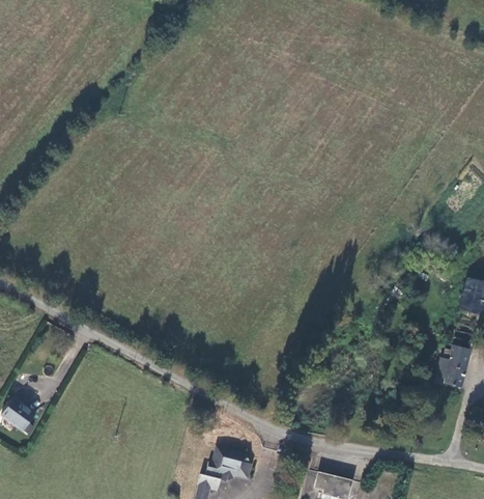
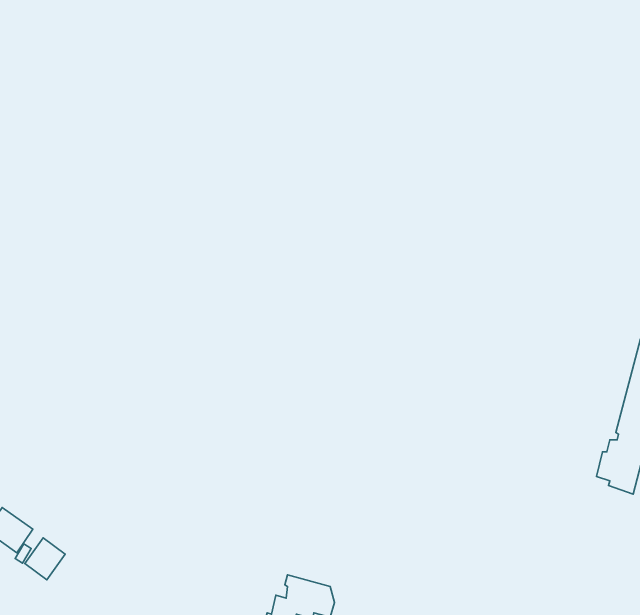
building: none -> [25,538,65,580]

